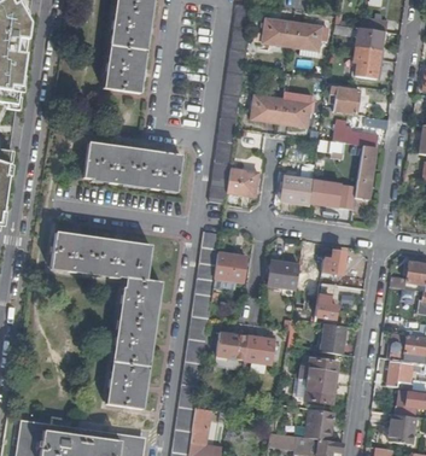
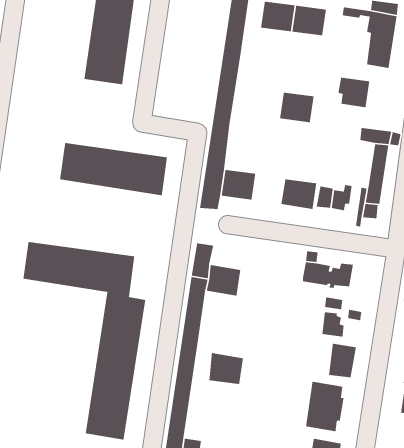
building: [250,95,282,123] -> none
building: [268,261,299,288] -> none
building: [244,335,275,363] -> none

